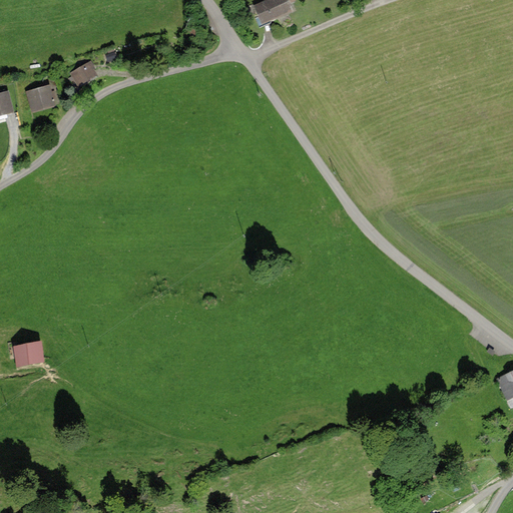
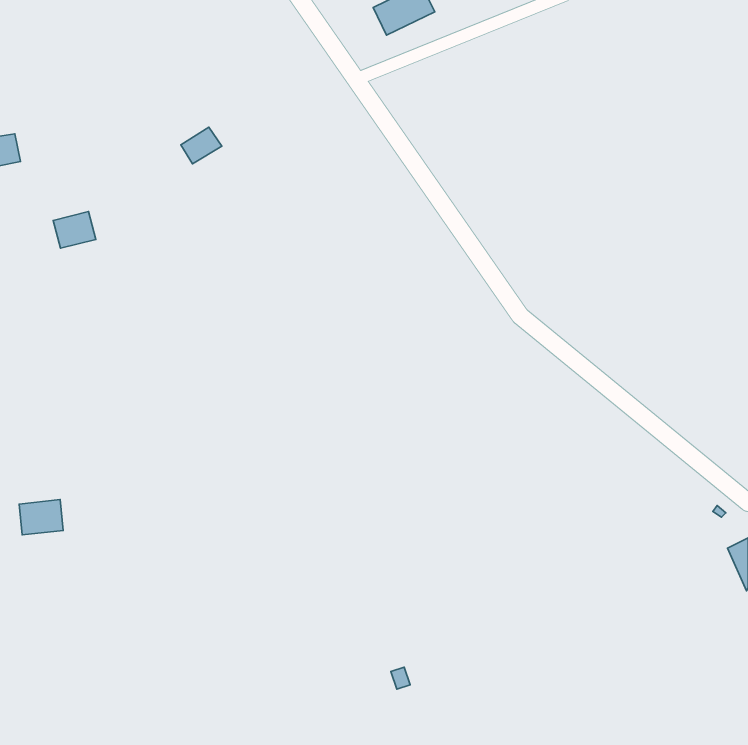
building: [72,61,100,86] -> [181,127,222,164]
building: [26,85,55,110] -> [53,212,96,248]

